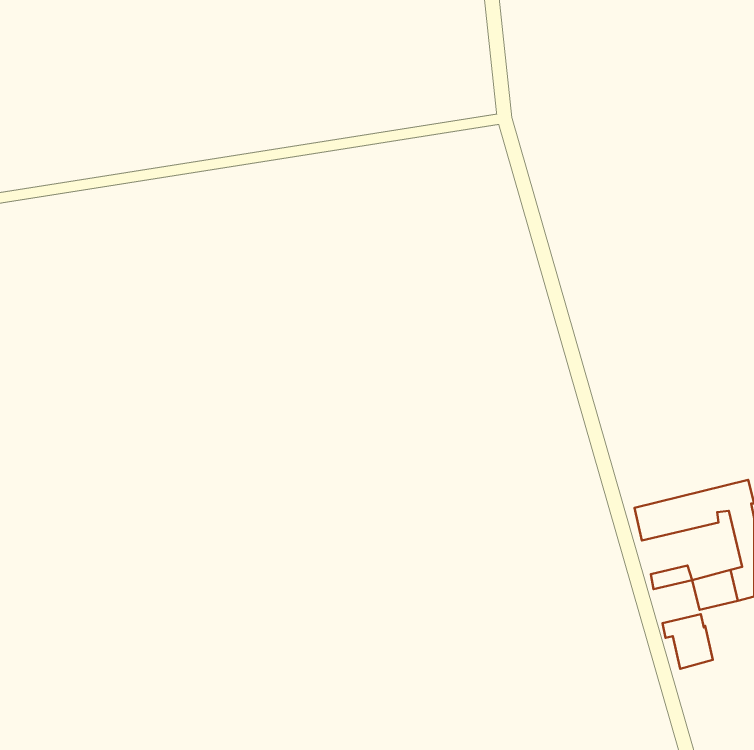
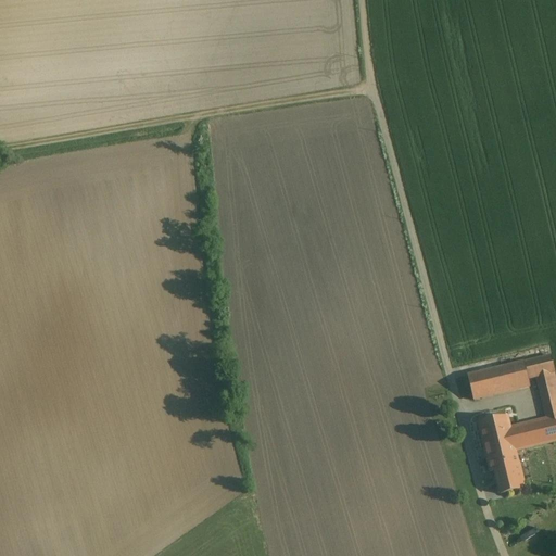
building: none -> [481,427,516,458]

